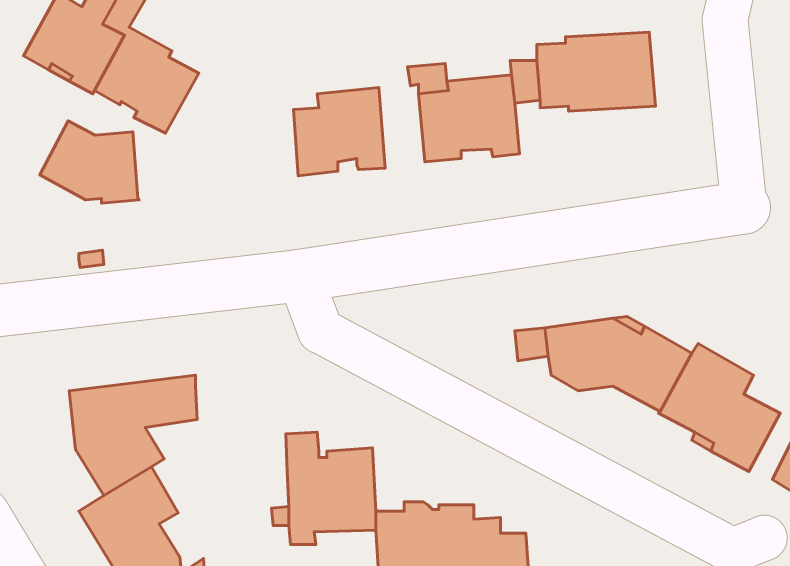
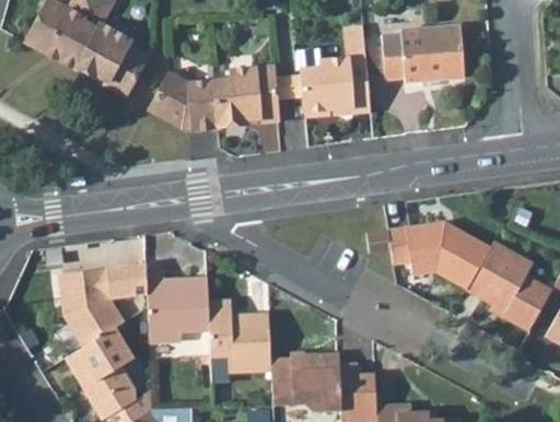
building: [40,121,139,203] -> [150,72,219,129]
building: none -> [147,271,210,343]

